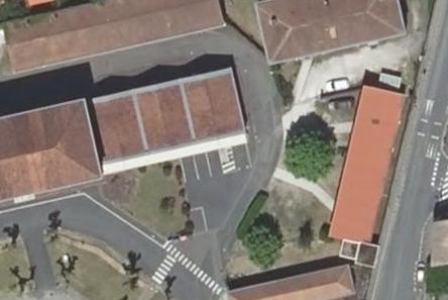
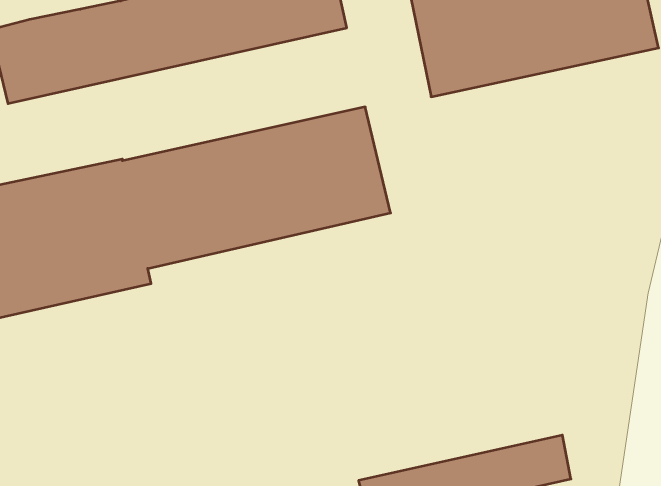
building: [336,88,403,268] -> none

